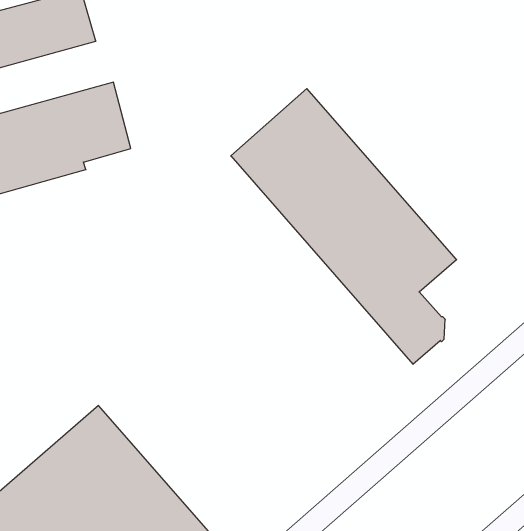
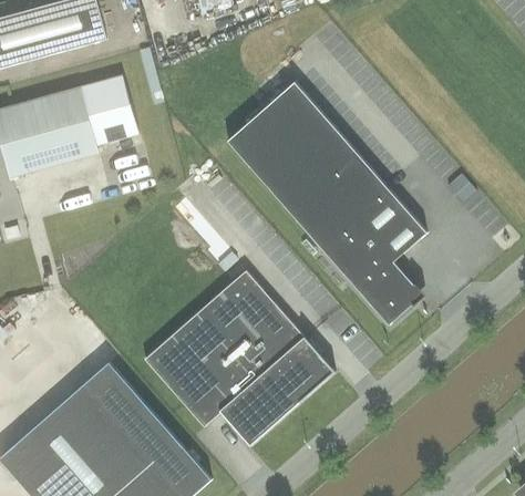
building: none -> [144,270,334,445]

